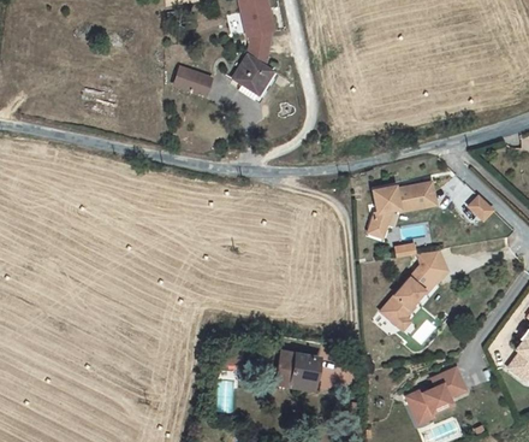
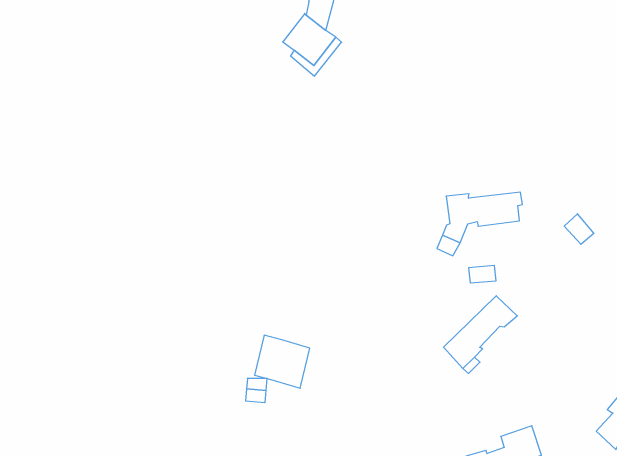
building: [174,67,213,96] -> none
building: [420,248,447,282] -> none
building: [277,350,319,390] -> [255,335,310,388]

